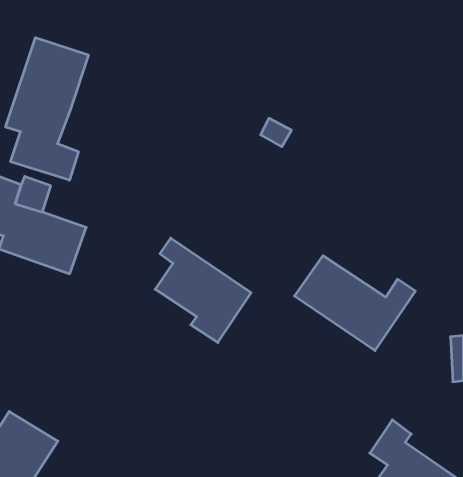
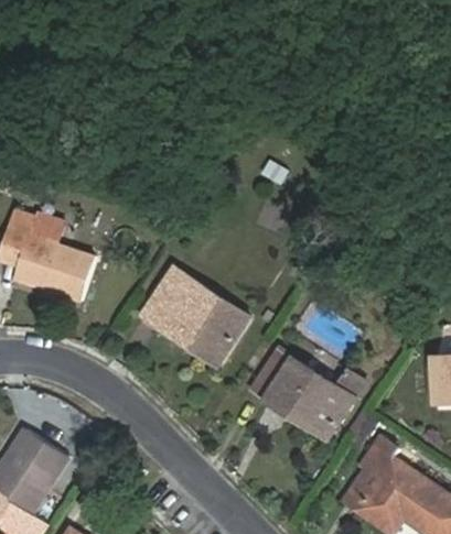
building: [6,38,88,180] -> none
building: [294,256,415,351] -> [253,351,365,439]

